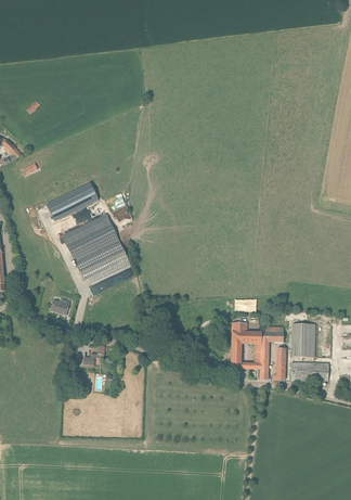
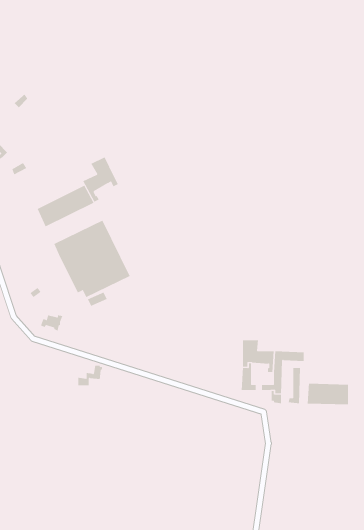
building: none -> [83,157,118,202]
building: [291,323,314,356] -> none

